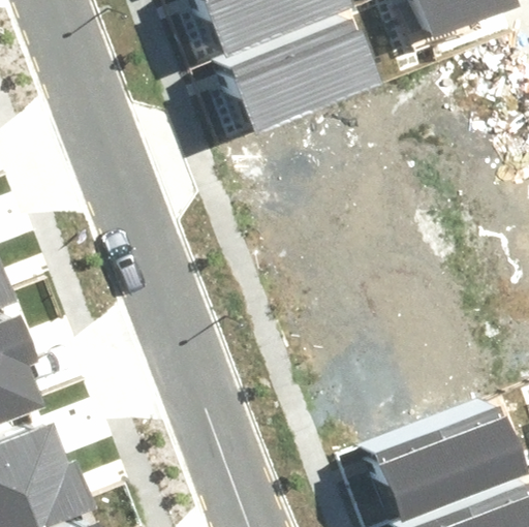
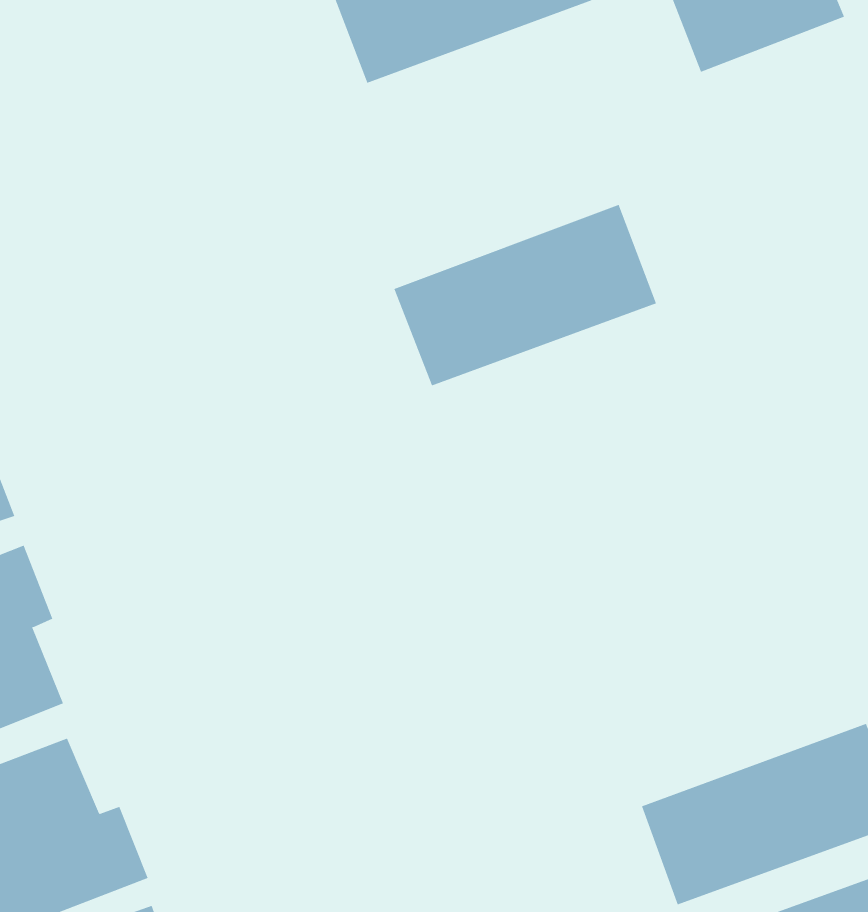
building: [228,20,379,124] -> [394,204,657,386]

